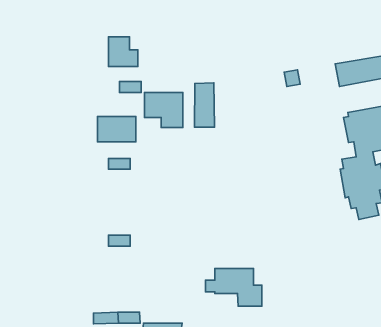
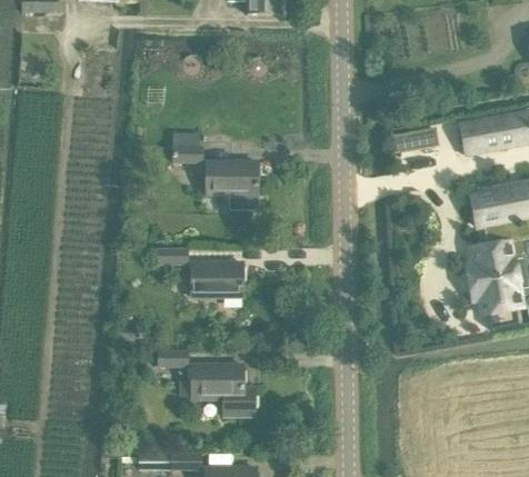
building: [108,37,138,67] -> none
building: [195,83,215,127] -> none
building: [97,117,136,142] -> [192,261,243,295]
building: [206,268,262,306] -> [180,364,254,414]

